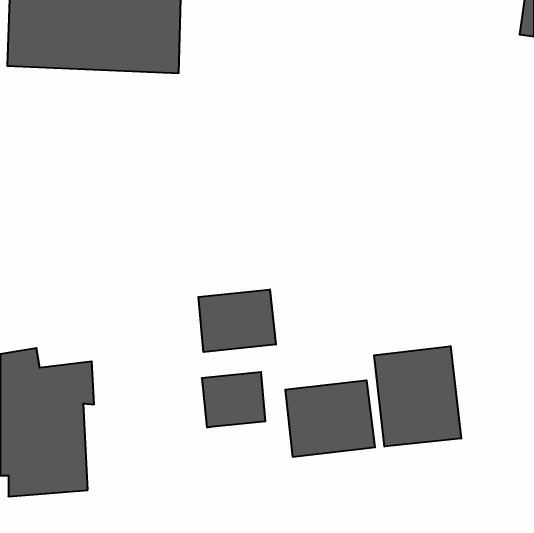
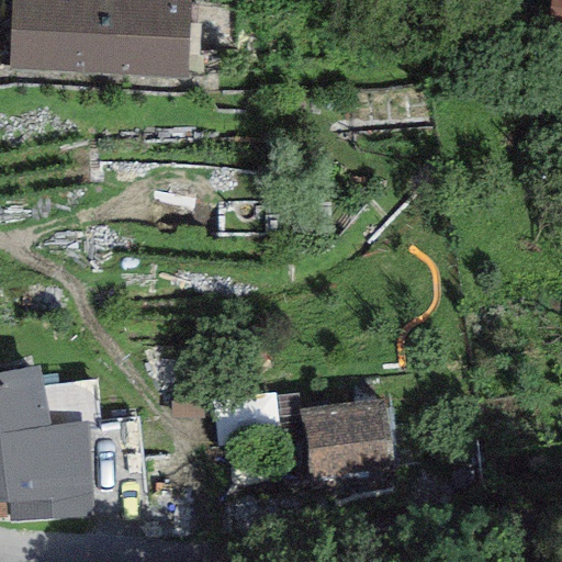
building: [198,289,276,352] -> none
building: [374,346,461,447] -> none

